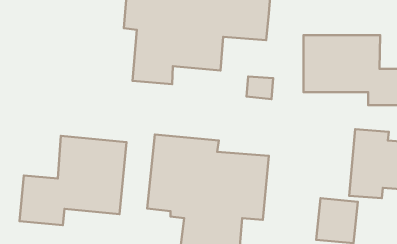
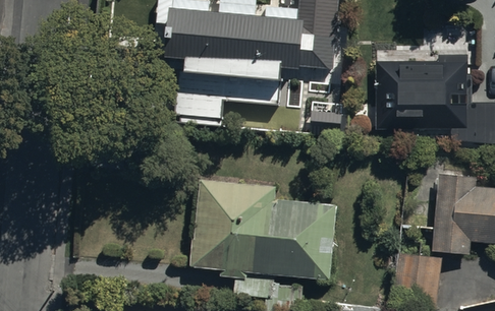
building: [20,136,126,225] -> none

